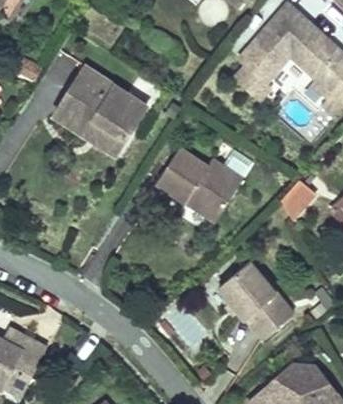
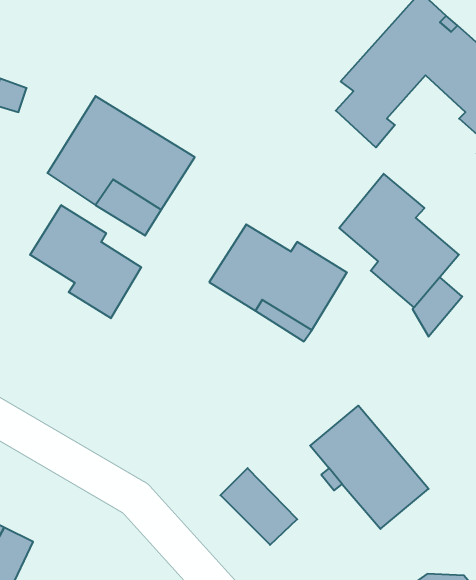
building: none -> [339,174,459,307]
building: none -> [30,205,141,318]

